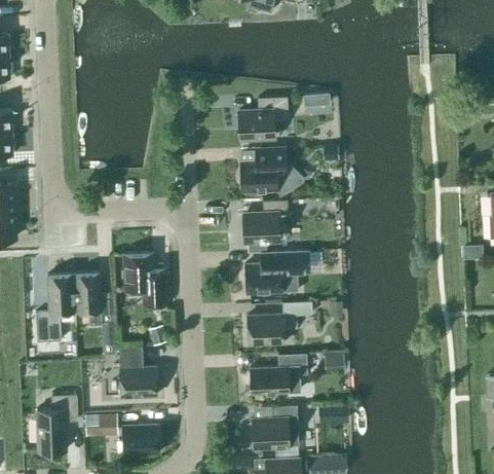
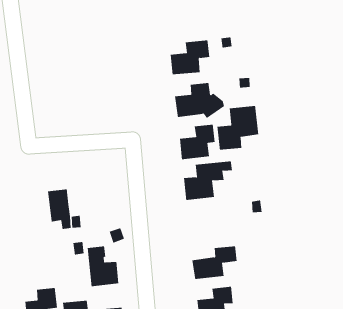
building: none -> [217,105,259,151]
building: [123,252,167,303] -> none
building: [36,272,76,340] -> none
building: [248,302,311,345] -> none

